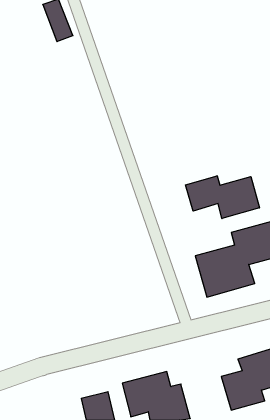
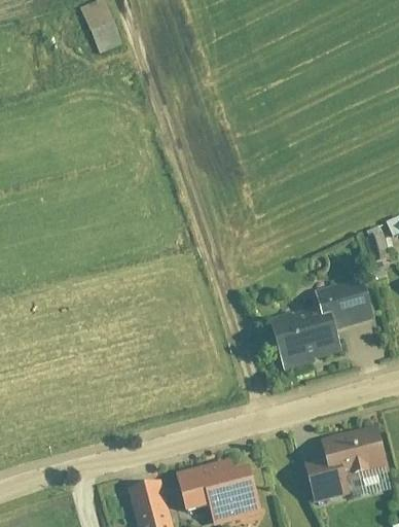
building: [186,176,259,219] -> none

